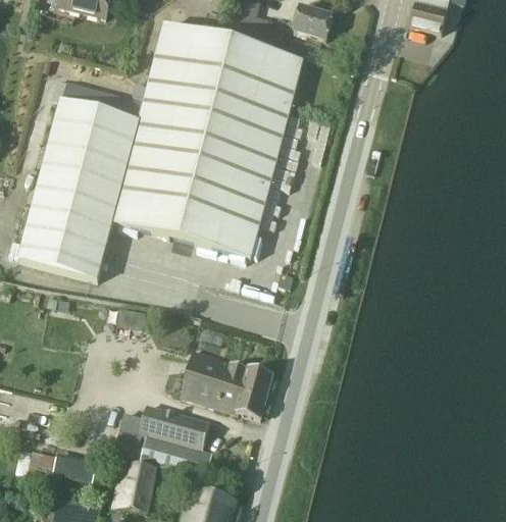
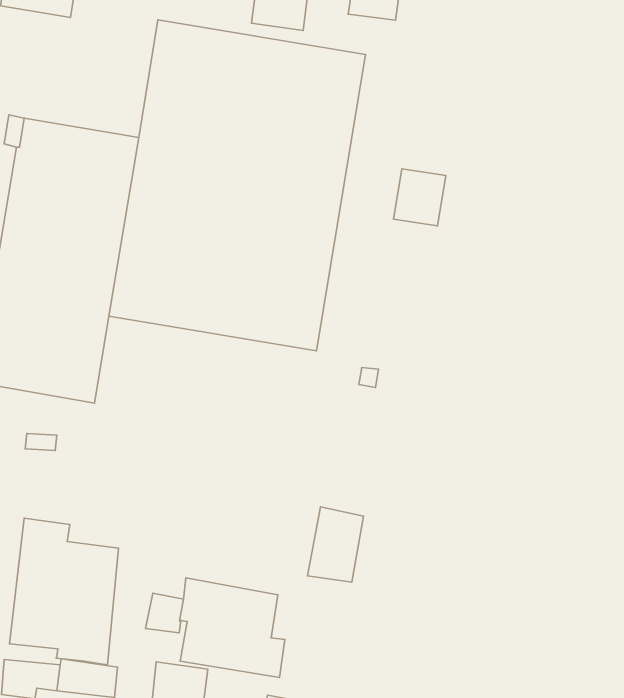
building: none -> [394,169,446,226]
building: [179,349,243,410] -> none
building: none -> [10,518,119,665]

